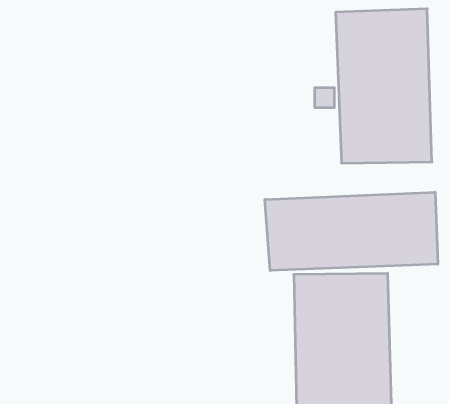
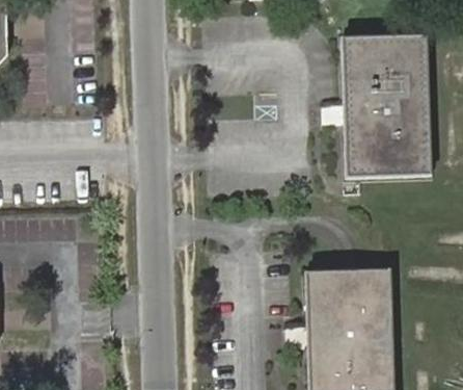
building: [265,192,438,271] -> none

